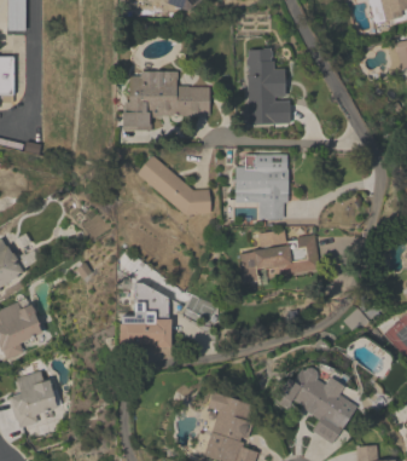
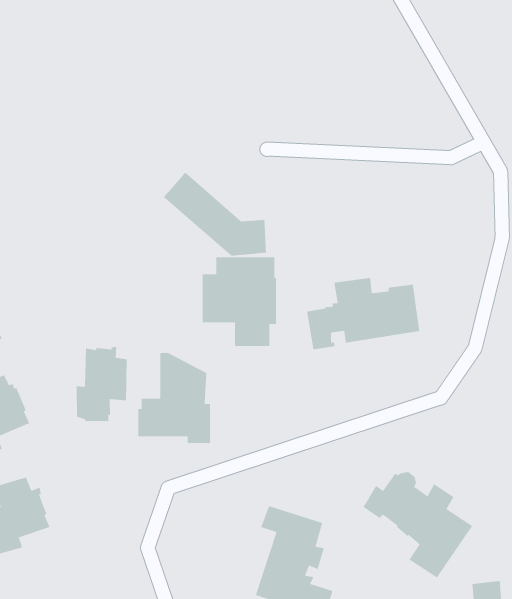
building: [246,48,290,125] -> none
building: [123,71,210,131] -> none
building: [236,155,289,219] -> [202,257,277,347]
building: none -> [76,346,127,422]

